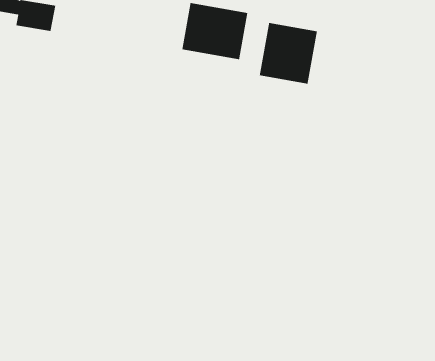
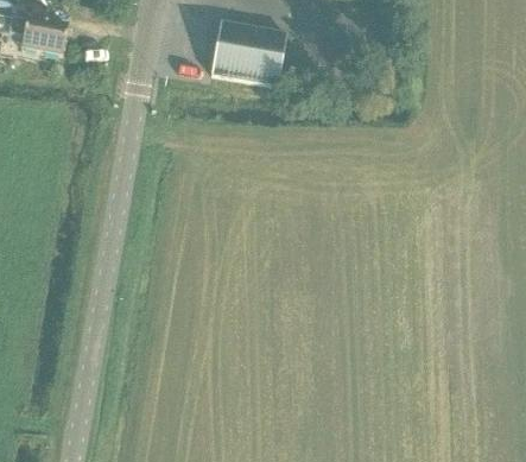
building: [259,22,317,85] -> none

